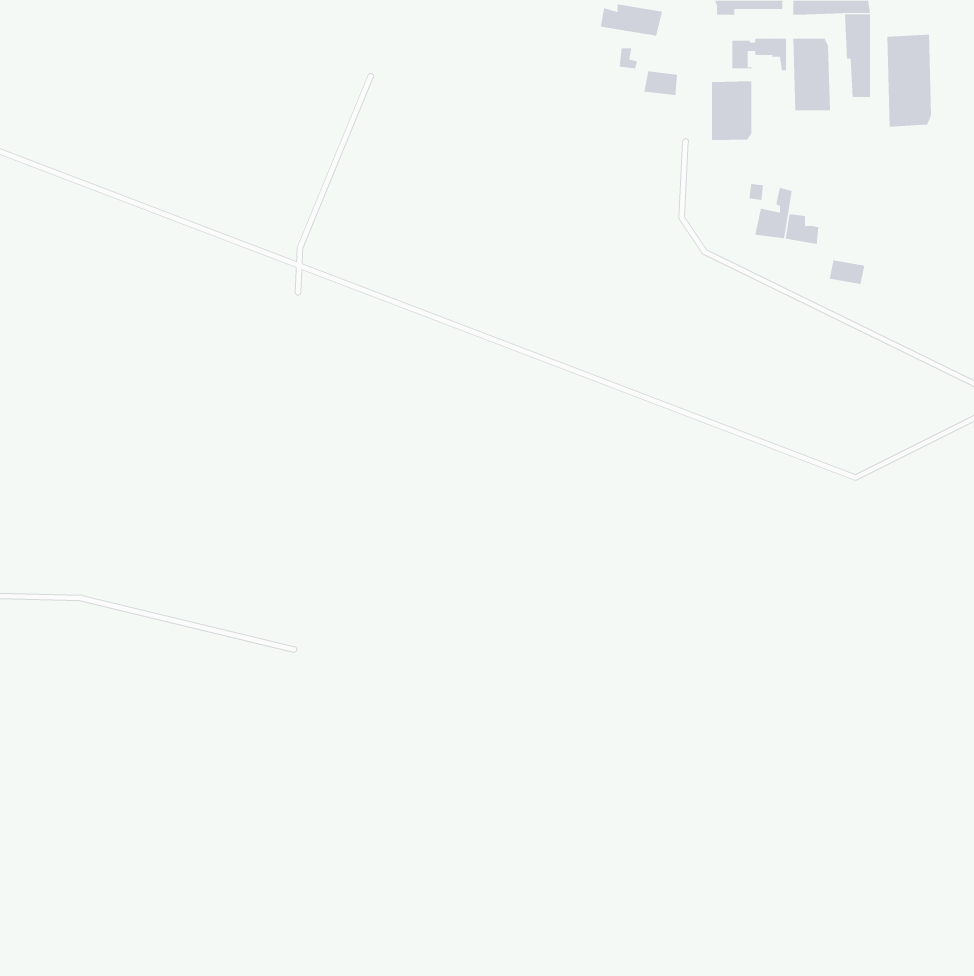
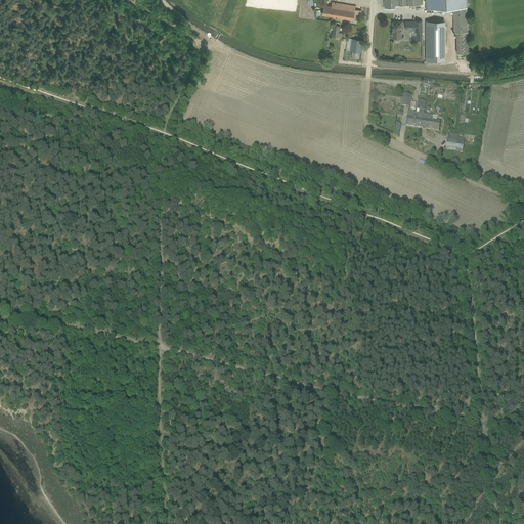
building: [887,34,931,127] -> none
building: [712,81,752,141] -> none

